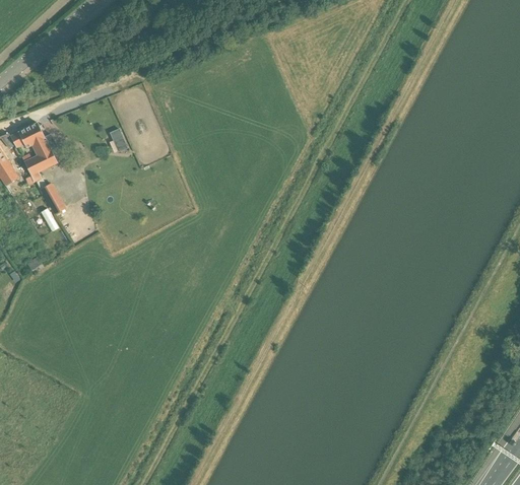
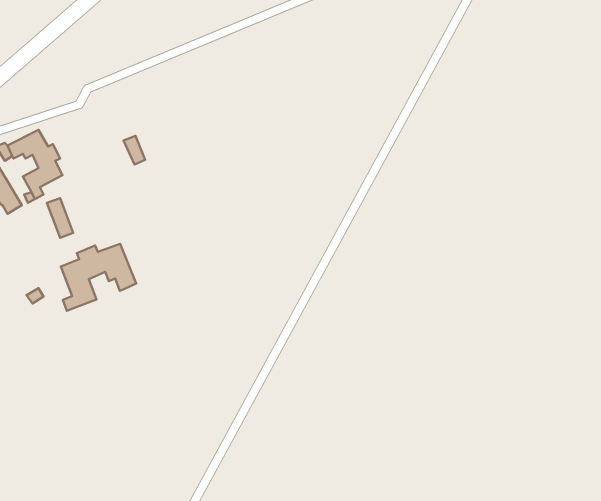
building: none -> [61,244,136,311]

